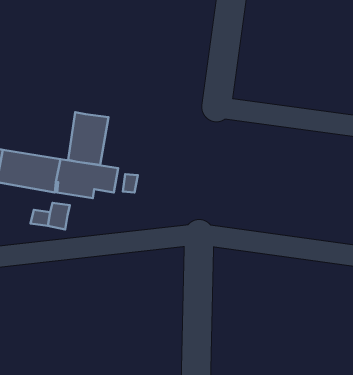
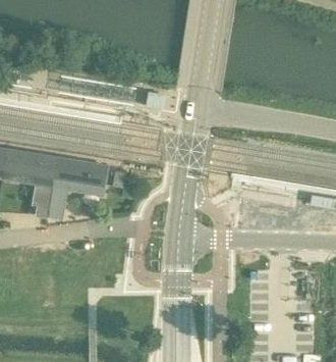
building: [68,112,108,165] -> none

